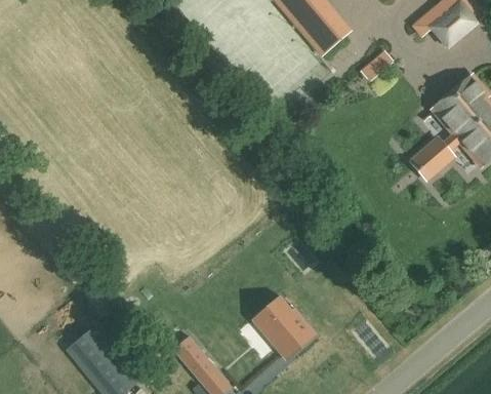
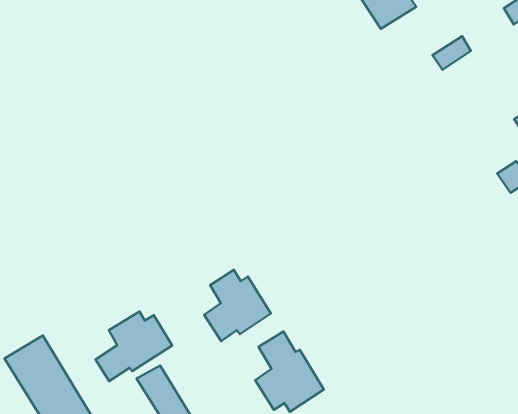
building: none -> [204,270,271,341]
building: none -> [95,311,172,381]

